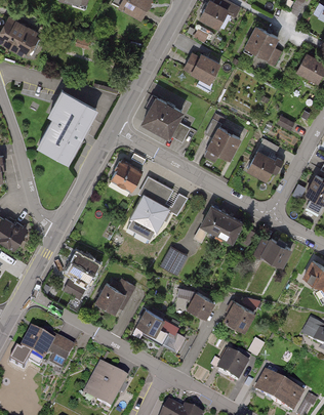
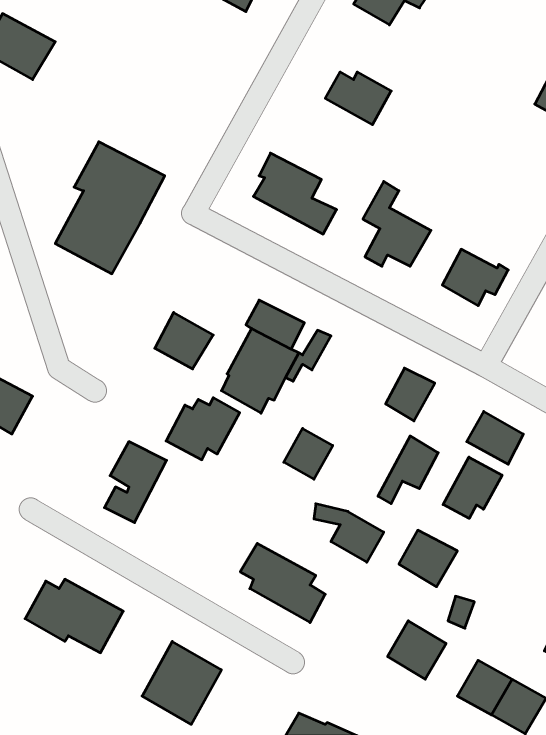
building: [245,27,281,64] -> none
building: [111,160,143,191] -> [155,312,213,369]
building: [194,205,227,242] -> [378,436,438,504]
building: none -> [443,457,502,518]
building: [95,279,135,313] -> [166,398,240,460]

